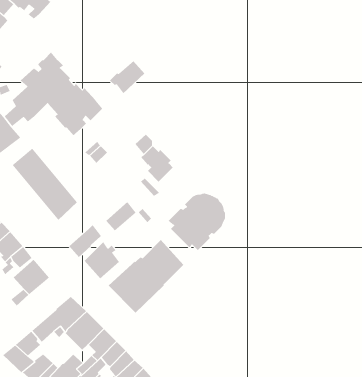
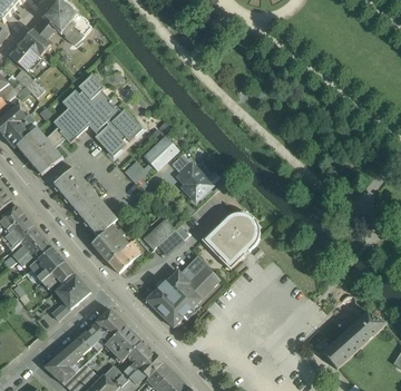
building: [109,61,145,94] -> [143,138,177,170]
building: [84,241,120,279] -> [92,225,127,262]
building: none -> [321,312,385,369]

